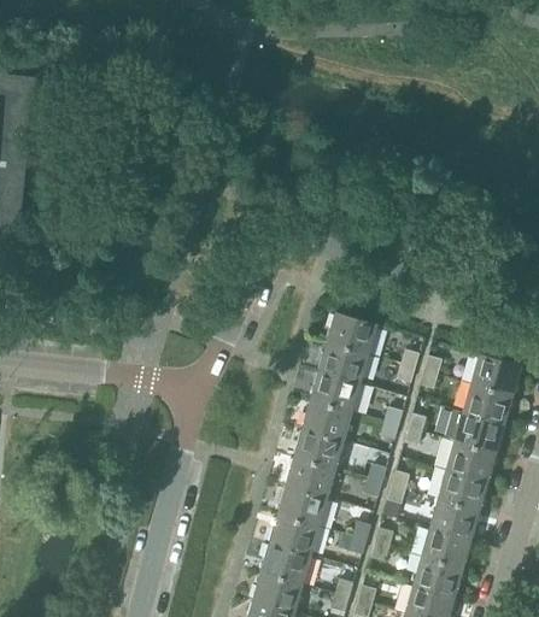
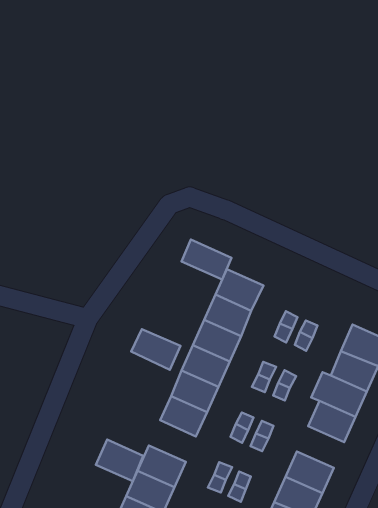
building: none -> [181,240,232,280]
building: none -> [131,329,180,370]
building: [437,470,486,511] -> none
building: [276,486,326,527] -> [96,440,143,481]

